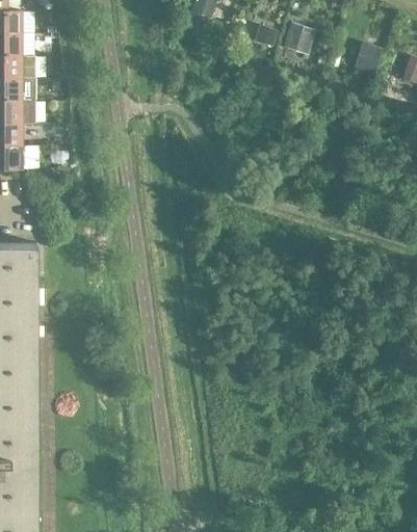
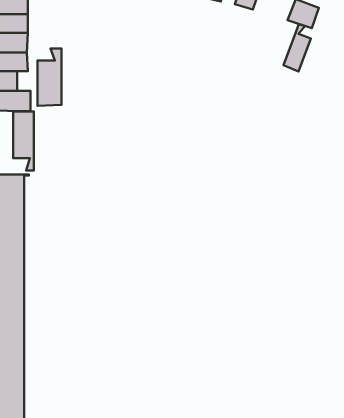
building: none -> [283,24,311,72]
building: none -> [38,48,61,106]
building: none -> [13,111,34,170]

